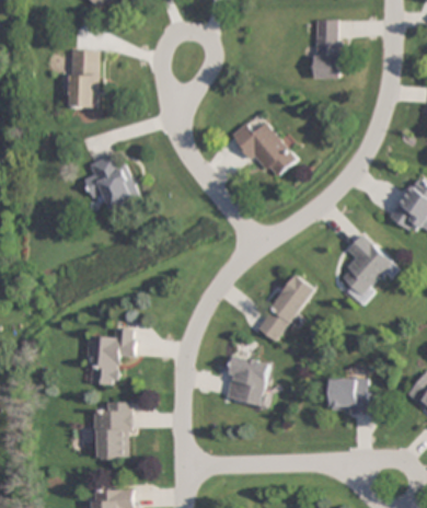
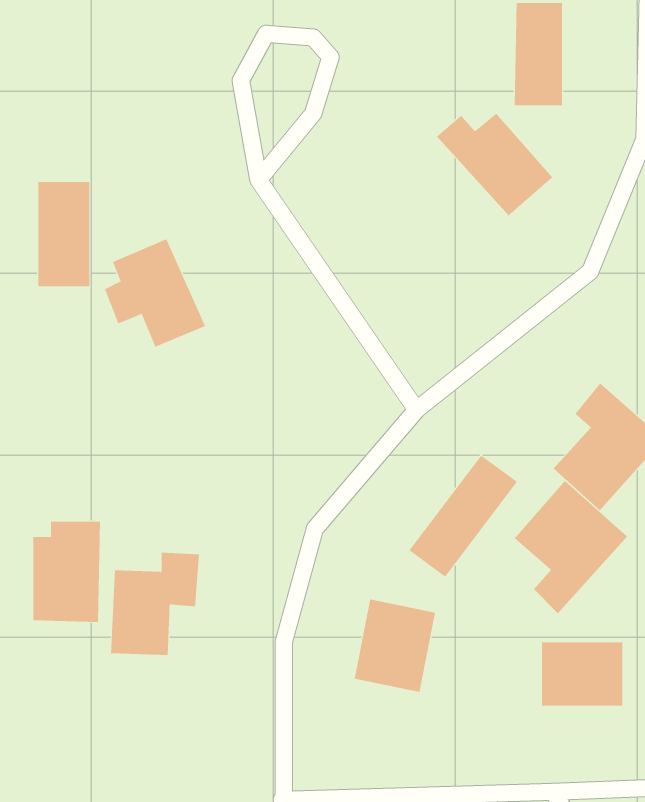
building: [68,48,97,107] -> [38,182,90,287]
building: [231,123,297,181] -> [436,113,553,216]
building: none -> [514,480,628,614]
building: [94,402,132,459] -> [33,521,101,622]

